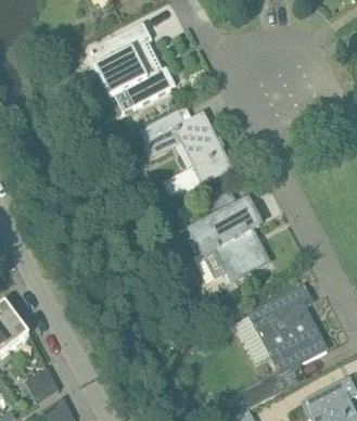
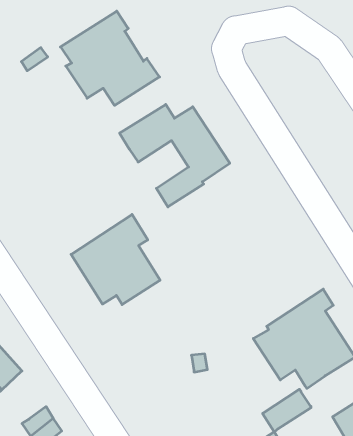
building: [190,200,267,279] -> [71,214,160,305]

